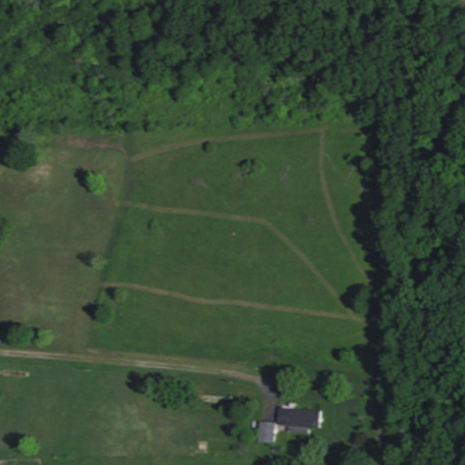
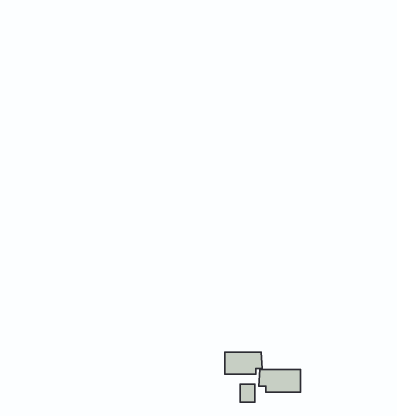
building: none -> [225,352,262,374]

